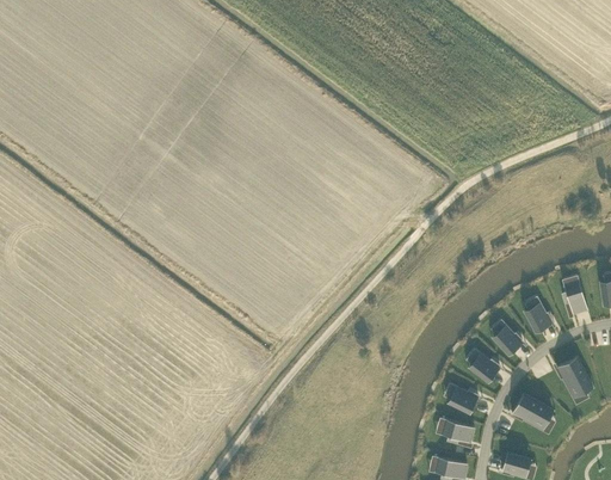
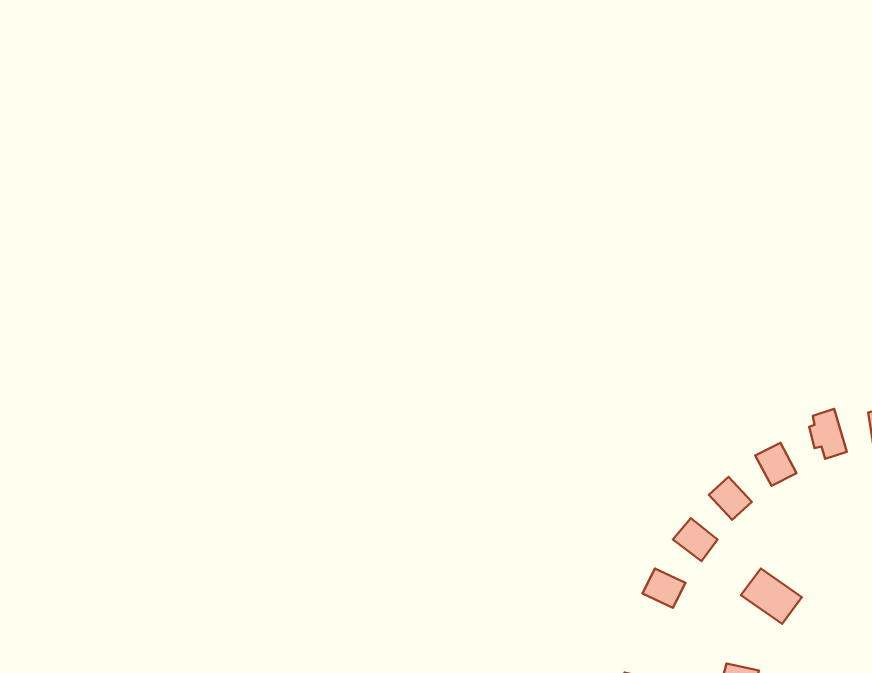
building: [560,355,593,394] -> none
building: [439,420,473,445] -> none

